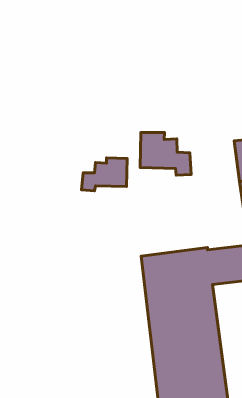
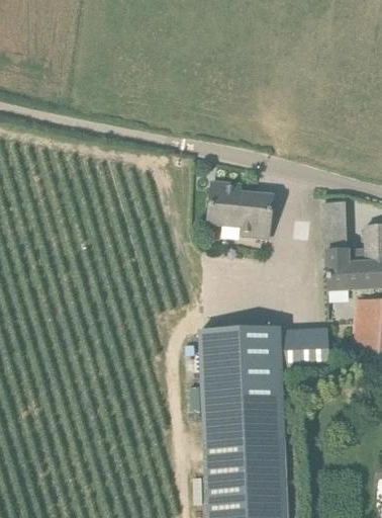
building: [81,158,127,191] -> none

